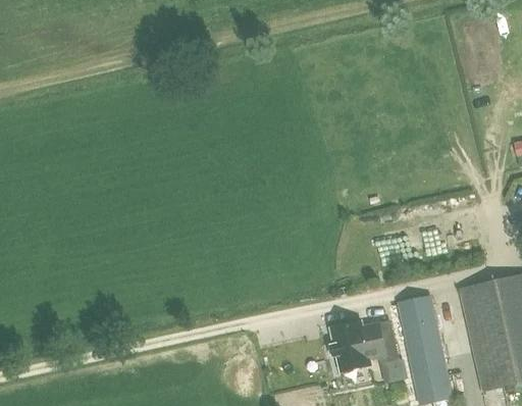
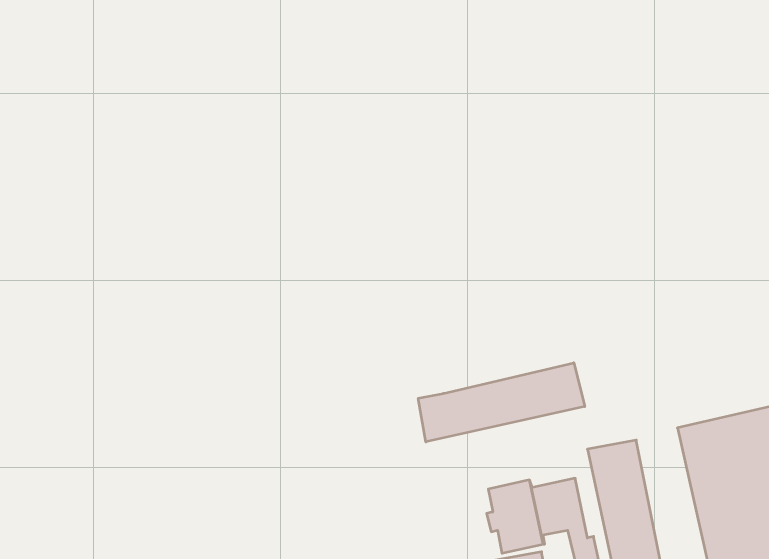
building: none -> [418,363,585,442]

